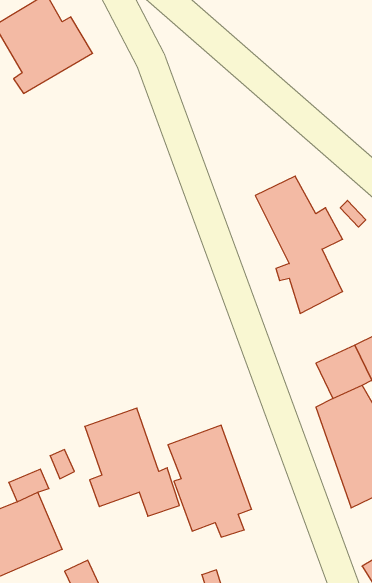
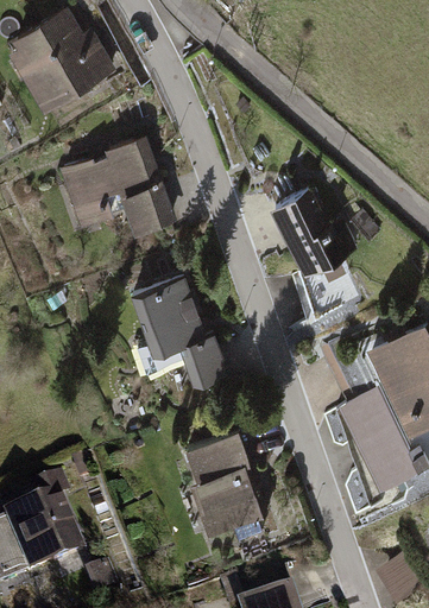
building: none -> [59,139,171,230]
building: [85,408,179,516] -> [132,278,225,384]

